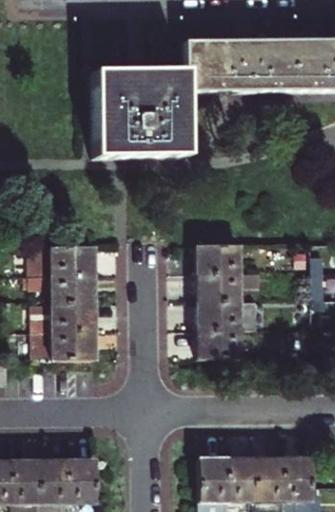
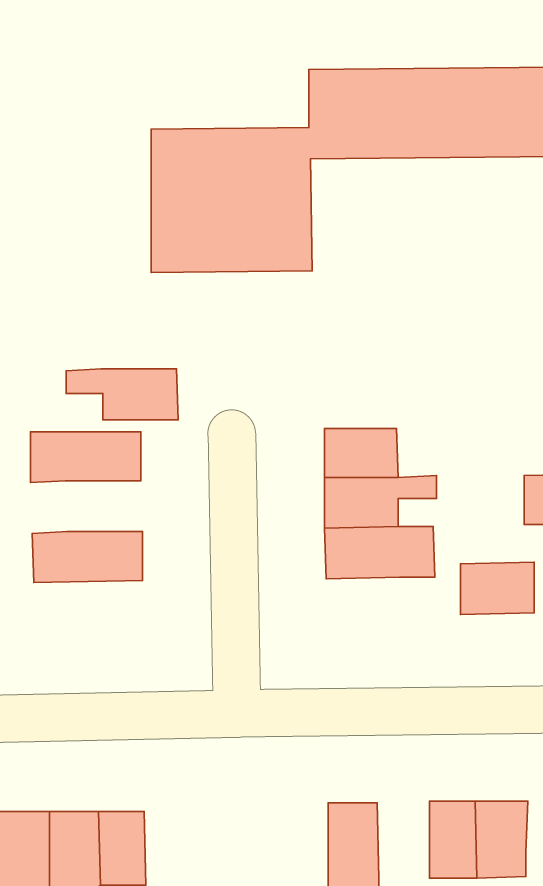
building: [30,275,94,304] -> [66,369,178,420]
building: [199,330,241,360] -> [461,562,534,615]
building: [32,332,94,362] -> none
building: [228,458,258,502] -> none

